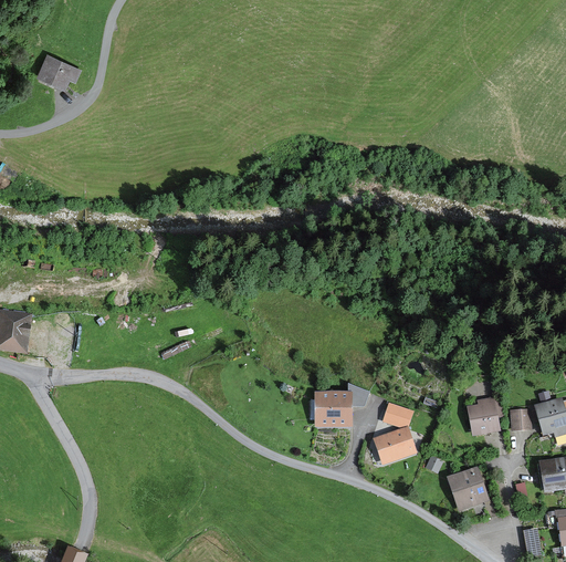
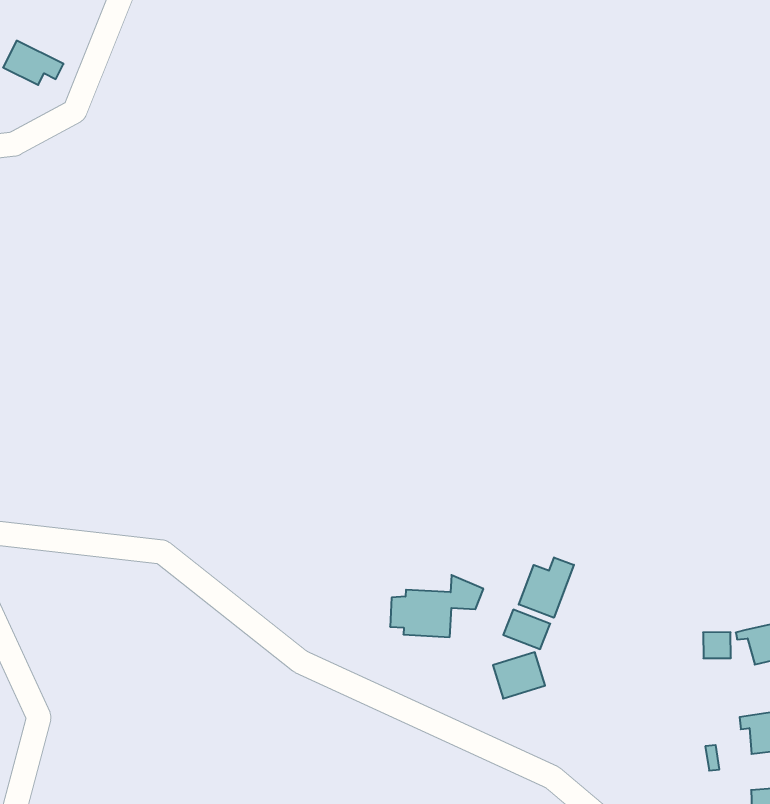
building: none -> [519,557,574,618]
building: [472,406,496,431] -> none
building: [454,473,482,503] -> none

